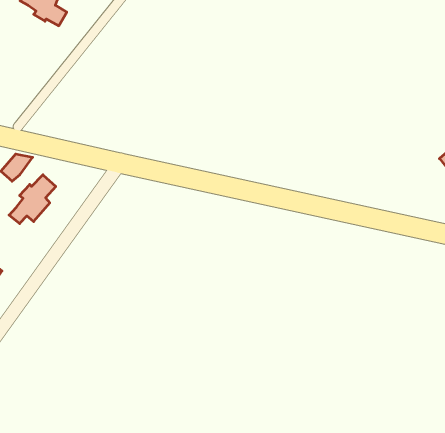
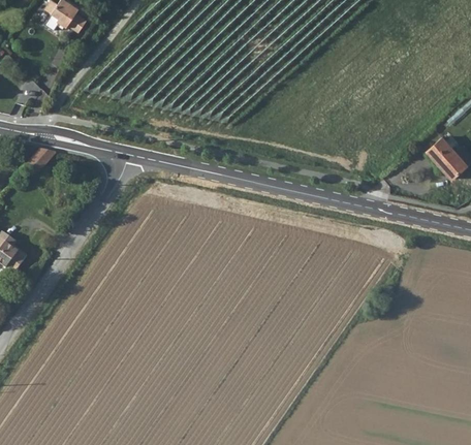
building: [9,175,56,224] -> none

